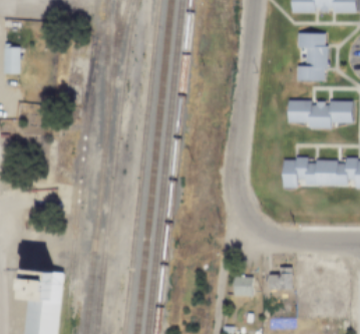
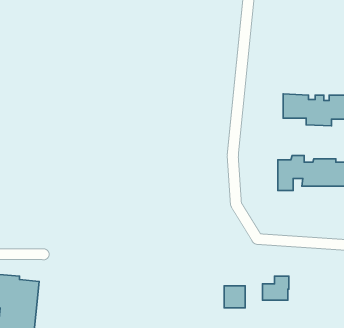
building: [297,33,328,82] -> none

